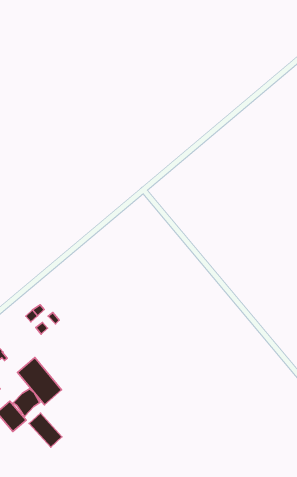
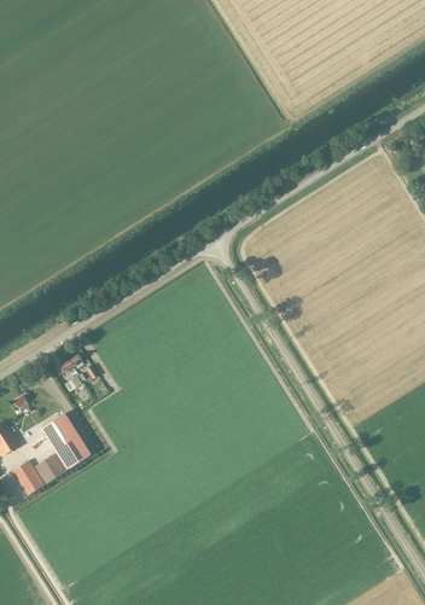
building: [29,413,62,447] -> none

